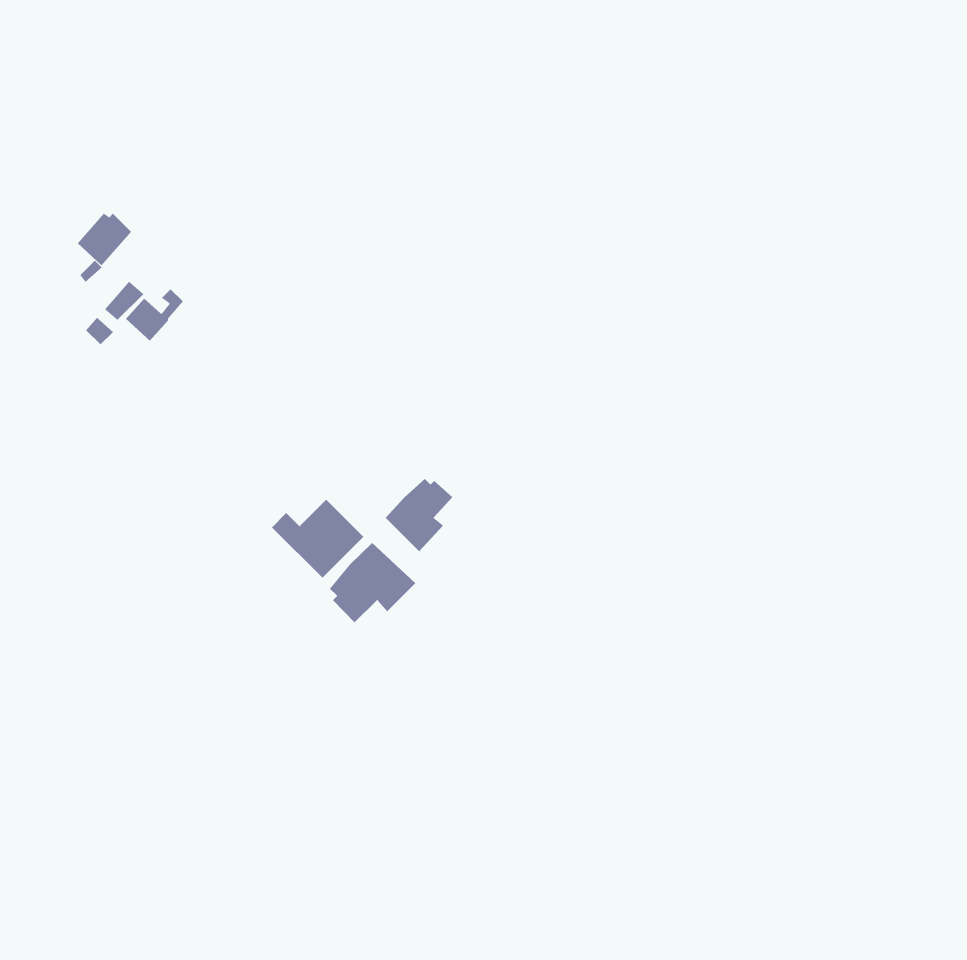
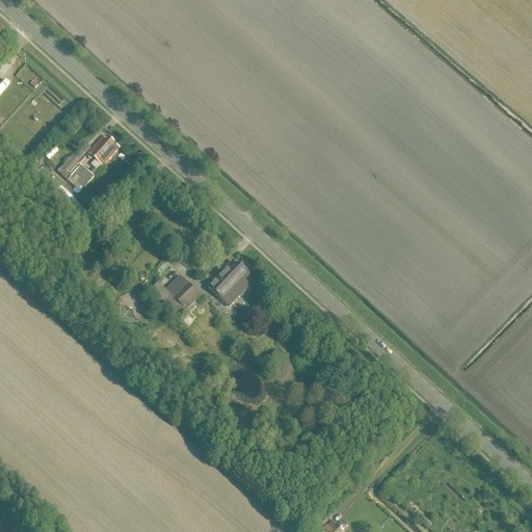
building: [77,213,132,266] -> [89,135,119,164]
building: [329,542,416,623] -> none

